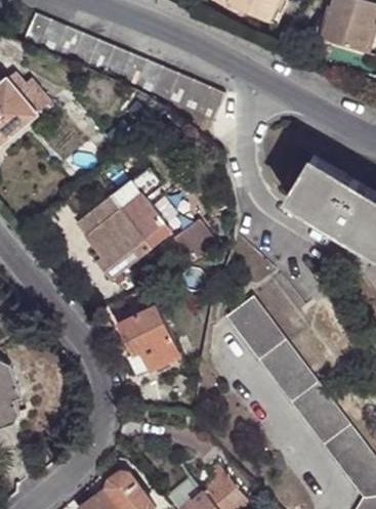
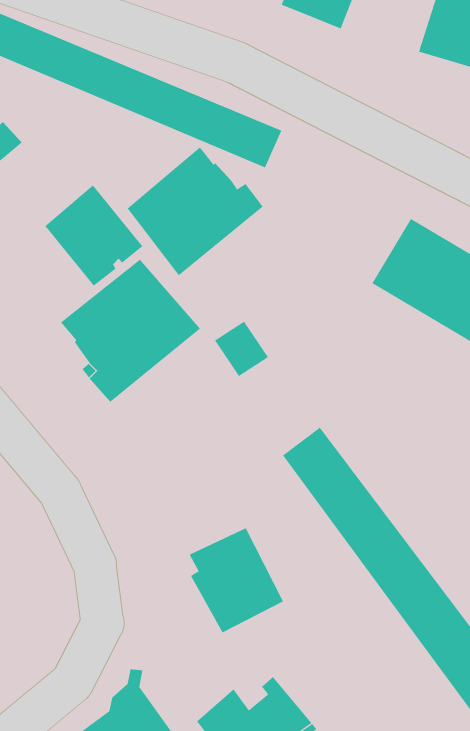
building: none -> [127,147,263,276]
building: none -> [44,184,143,286]
building: [116,304,180,376] -> [189,527,284,633]

